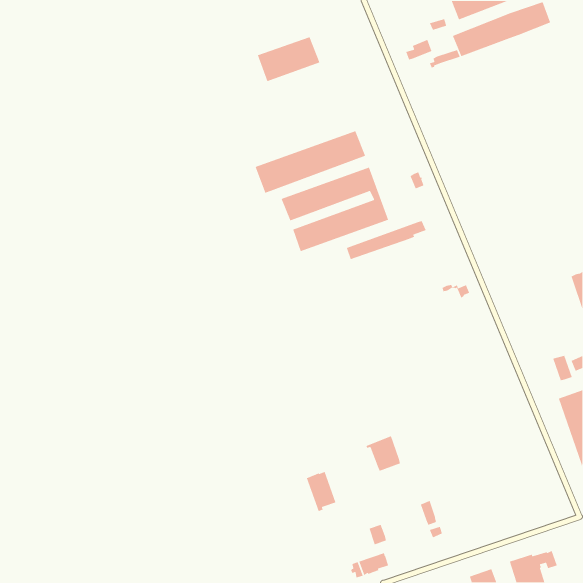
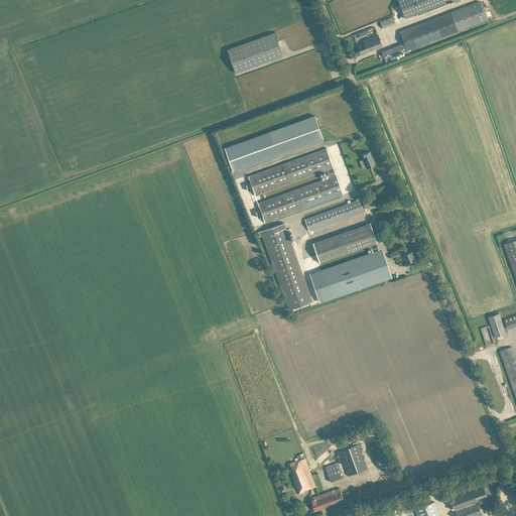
building: none -> [258,222,313,313]
building: none -> [313,223,377,262]
building: none -> [311,249,389,299]
building: [365,435,401,472] -> [336,443,367,476]
building: [306,471,336,512] -> [288,458,315,494]

